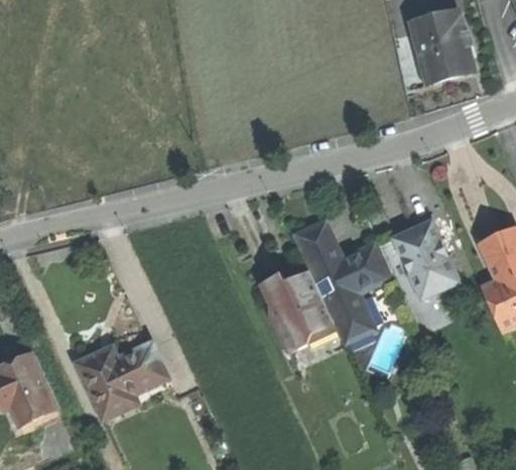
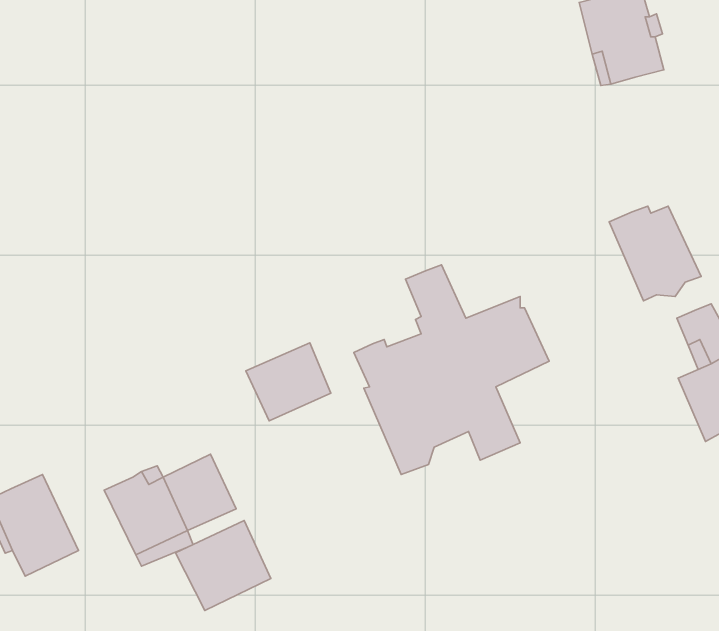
building: [391,224,456,290] -> [609,206,701,301]
building: none -> [246,343,331,421]
building: none -> [176,521,271,611]

